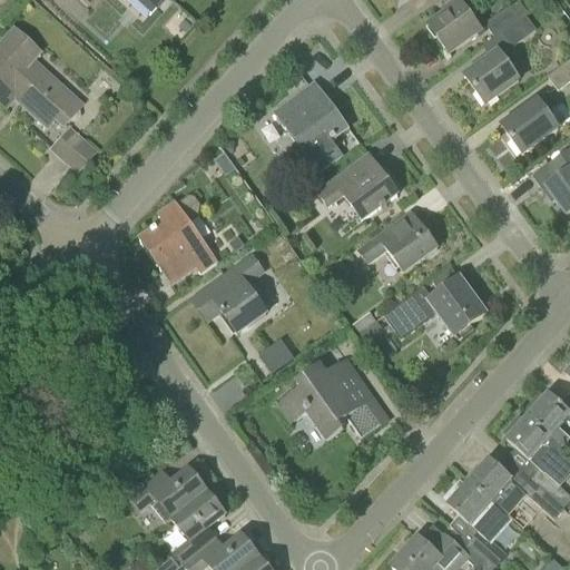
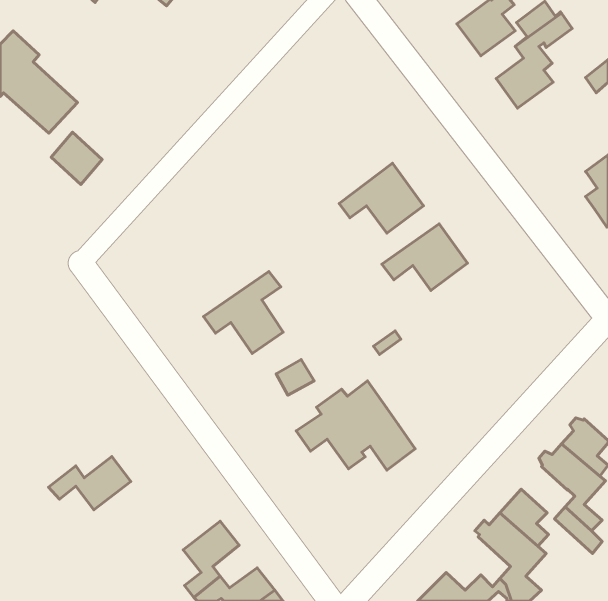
building: [500,89,558,153] -> none
building: [275,91,347,178] -> none
building: [140,194,218,272] -> none
building: [383,275,485,337] -> none
building: [129,464,206,514] -> [49,456,131,510]

